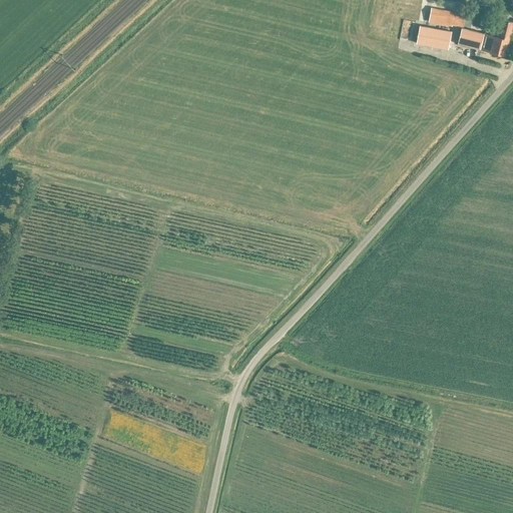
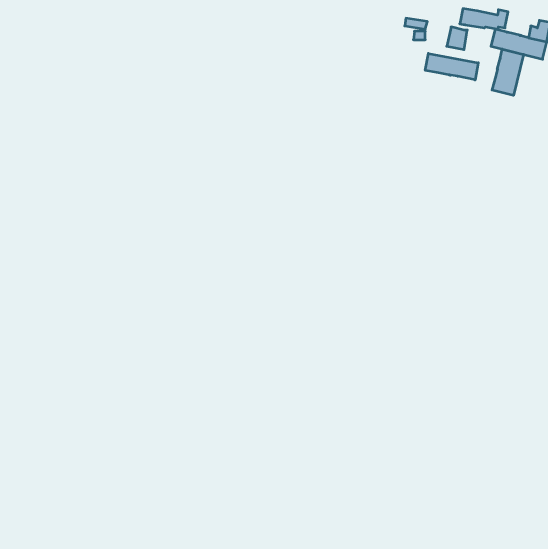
building: none -> [492,49,524,95]
building: none -> [425,53,478,80]

